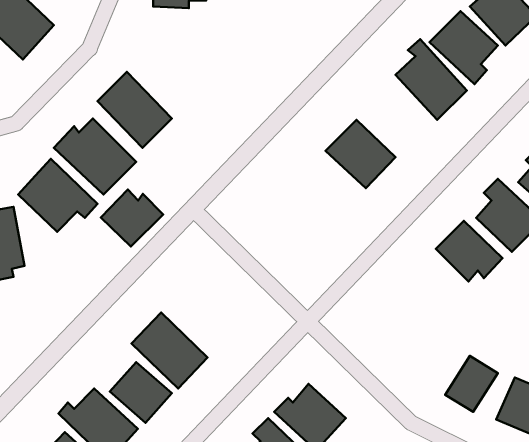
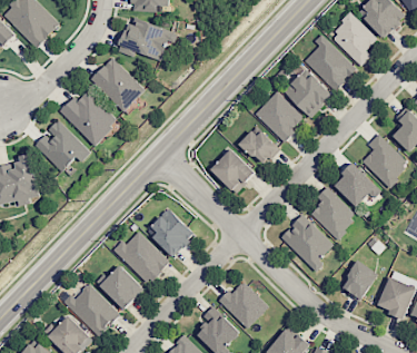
building: none -> [119,16,178,60]
building: none -> [284,63,332,117]
building: none -> [239,127,279,166]
building: [101,189,163,246] -> none
building: none -> [211,148,256,194]
building: none -> [310,186,358,238]
building: none -> [146,206,195,256]
building: none -> [280,214,336,268]

